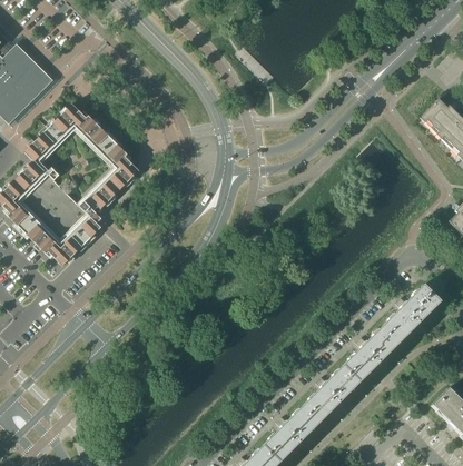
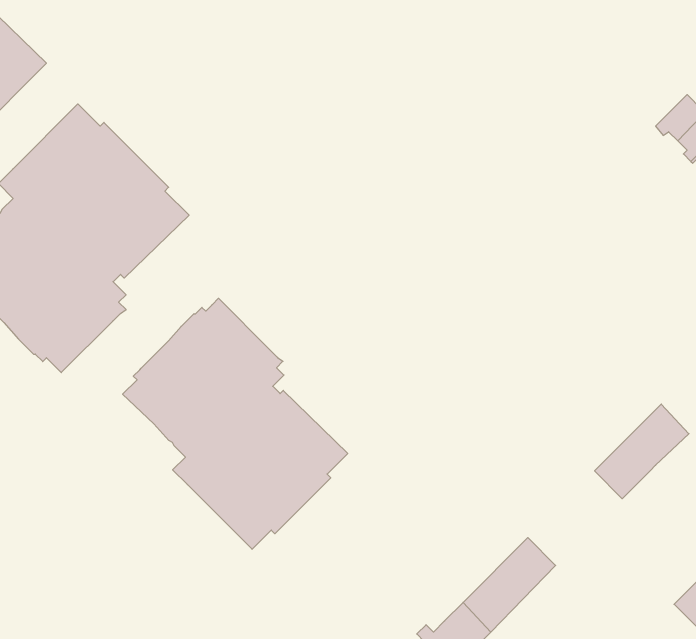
building: none -> [123,298,348,549]
building: [342,325,398,381] -> none

